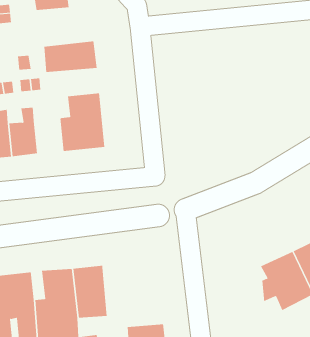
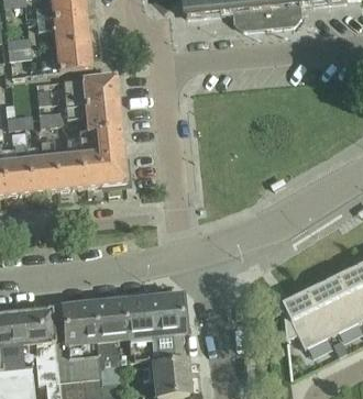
building: none -> [42,40,92,71]
building: none -> [66,101,121,130]
building: none -> [55,137,84,188]
building: none -> [124,295,184,361]

